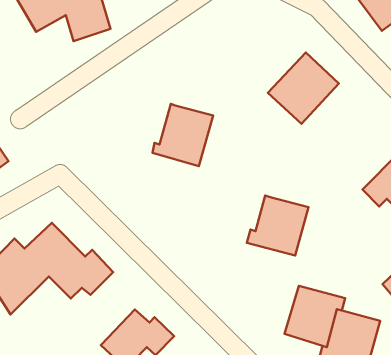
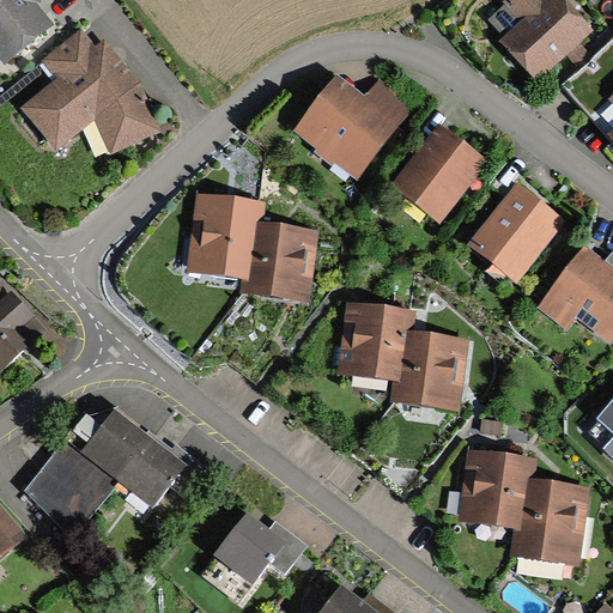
building: none -> [296,77,411,175]
building: none -> [184,193,267,279]
building: none -> [466,183,562,281]
building: none -> [339,301,415,382]

